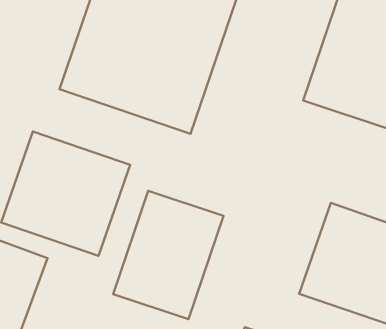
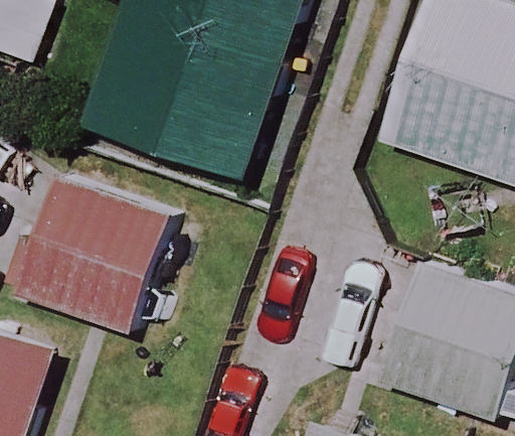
building: [113,191,224,319] -> none

